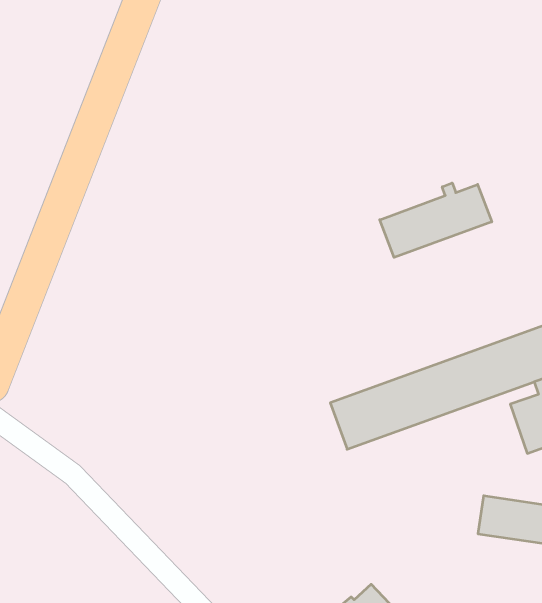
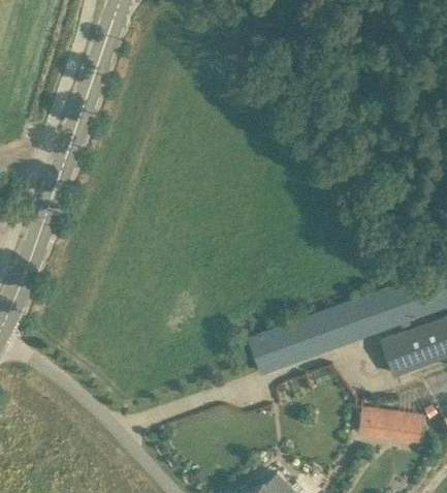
building: [380,183,492,257] -> none

